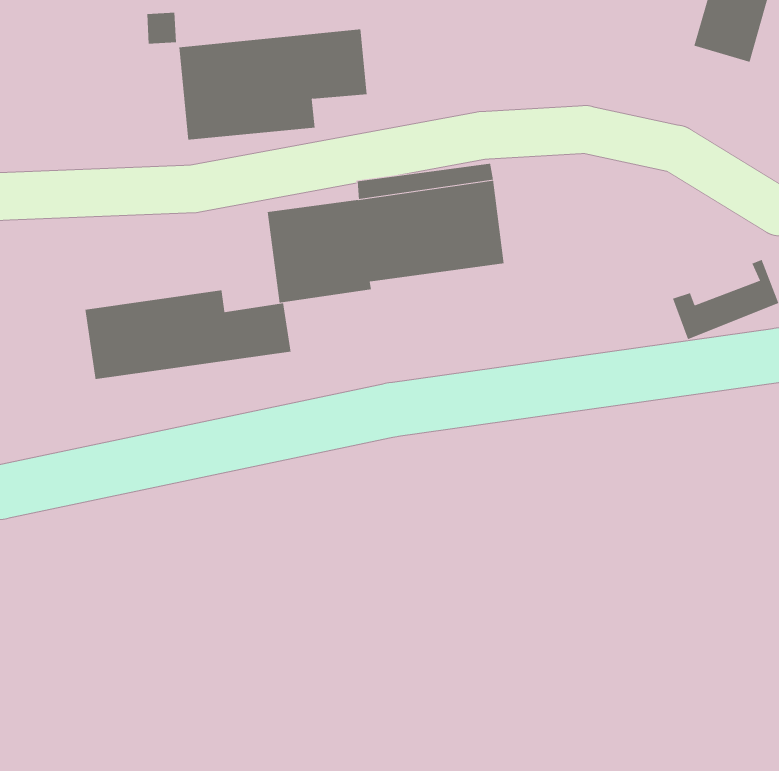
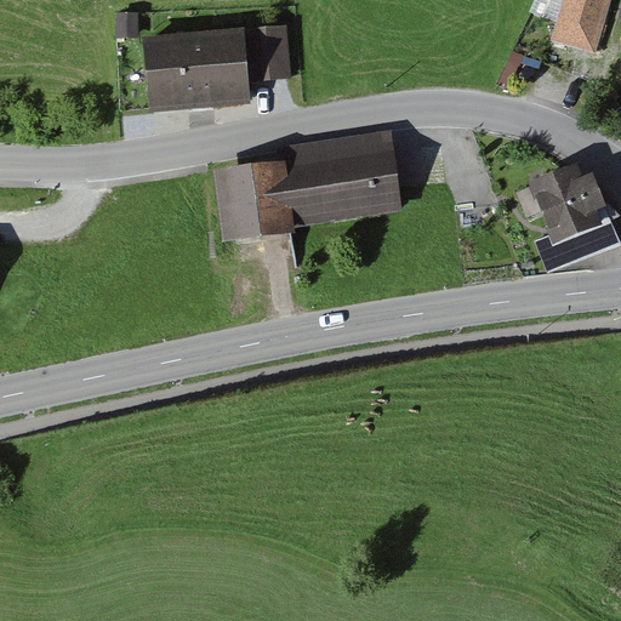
building: none -> [530,164,606,243]
building: [85,289,291,380] -> none

